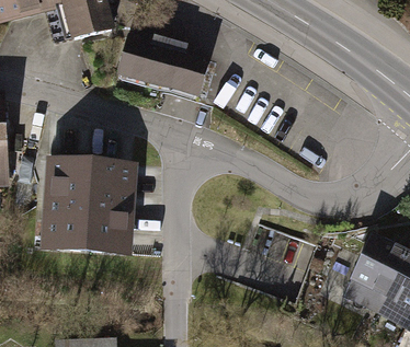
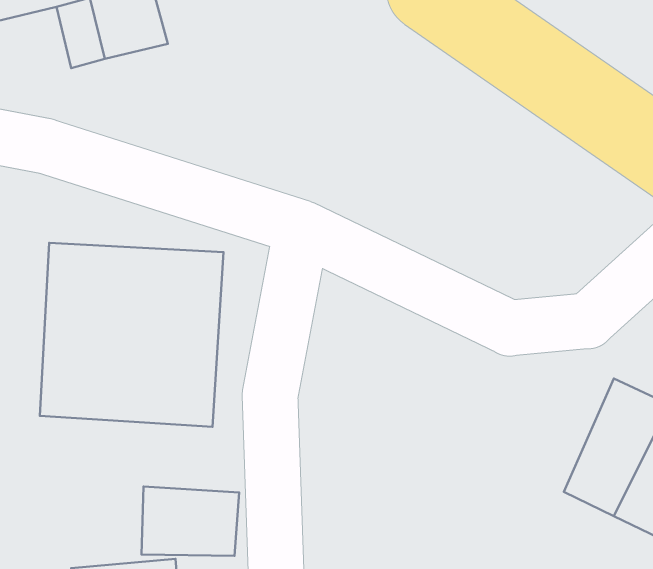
building: [115,32,212,100] -> none
building: none -> [142,486,239,556]

